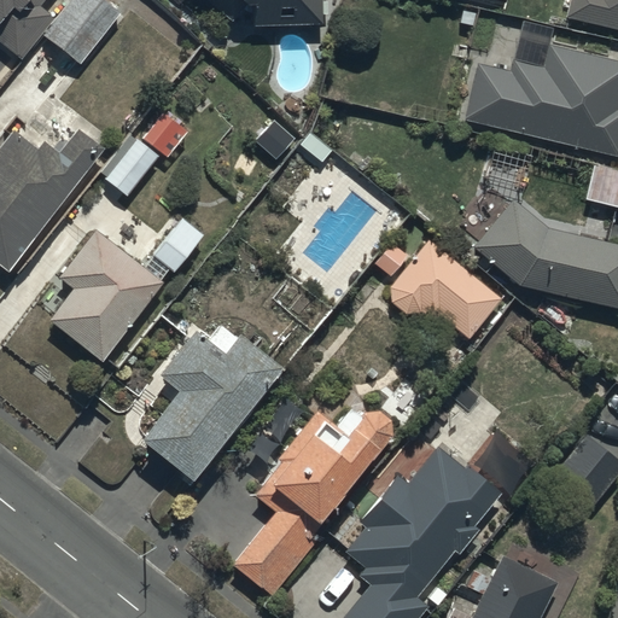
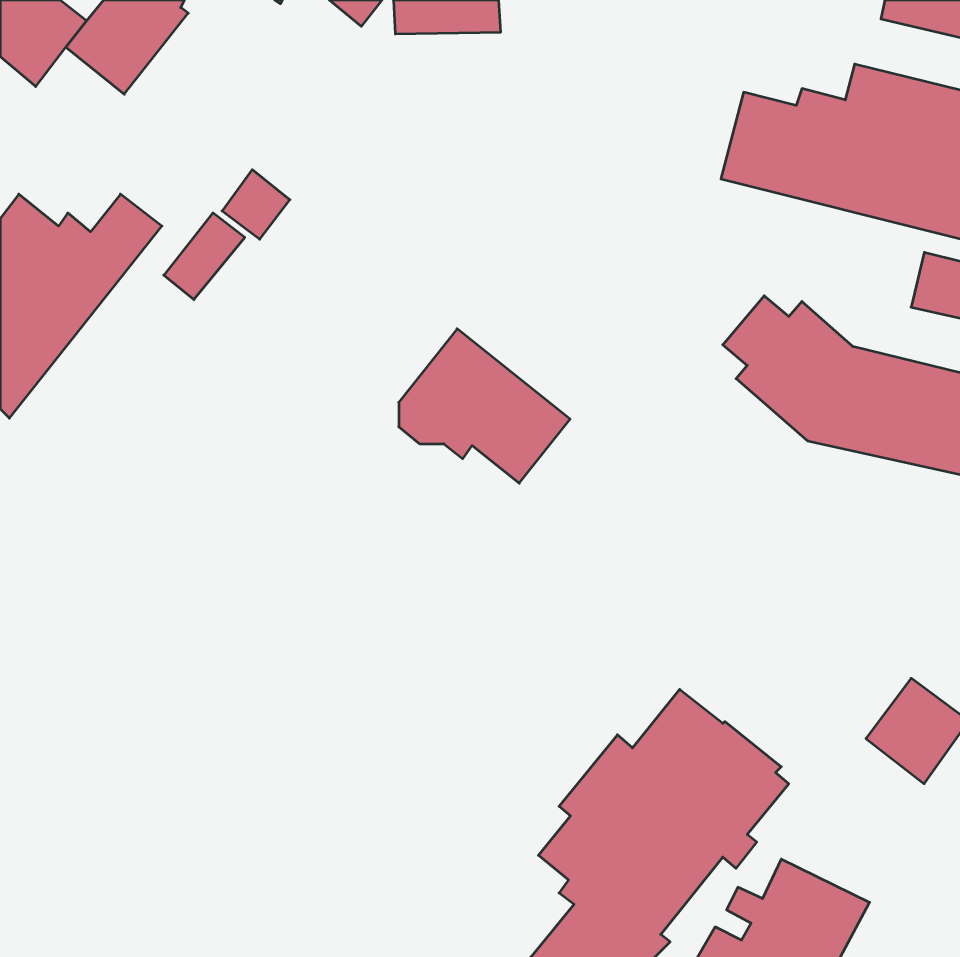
building: [51,218,204,360] -> none
building: [392,240,502,339] -> [399,329,570,483]
building: [142,330,282,478] -> none
building: [234,410,392,594] -> none

